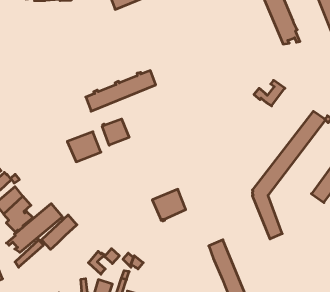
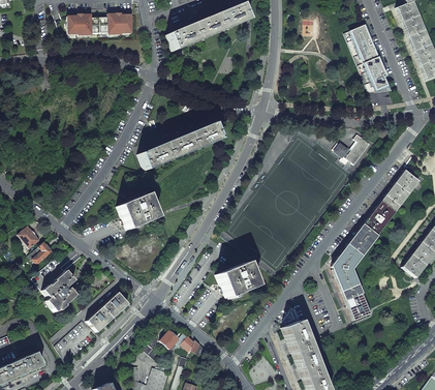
building: [102,119,129,145] -> none
building: [6,204,62,252] -> none

